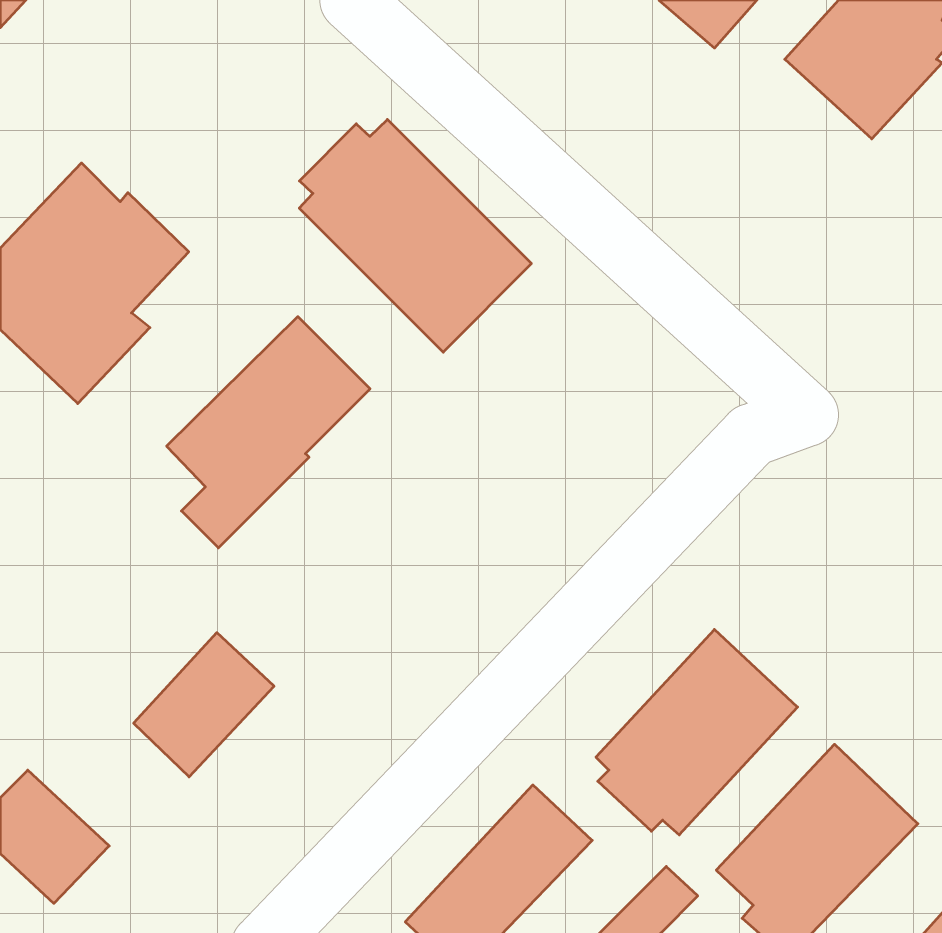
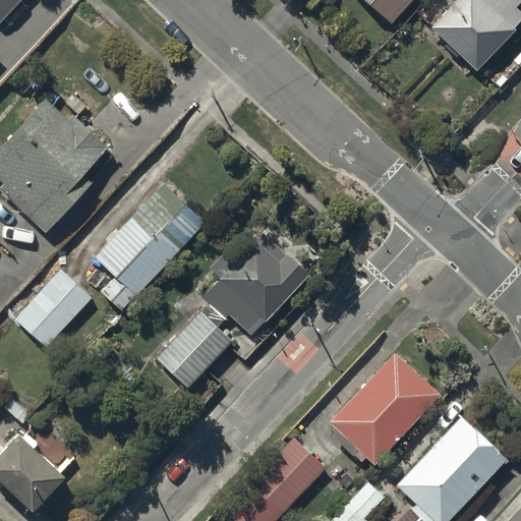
building: [299,119,531,352] -> none
building: none -> [159,239,308,385]
building: [134,633,274,777] -> [15,270,93,349]

